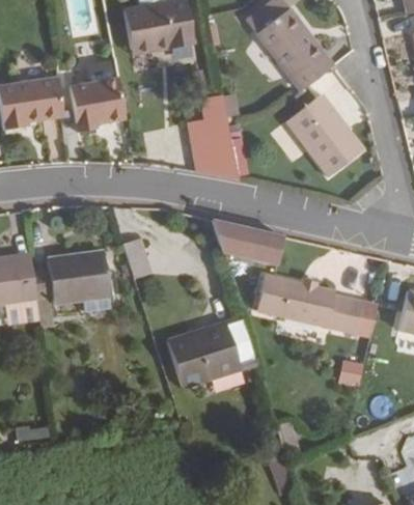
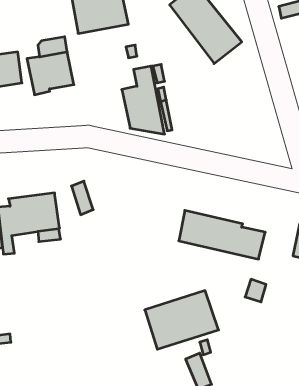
building: [286,94,365,177] -> none
building: [218,222,295,271] -> none
building: [167,316,258,389] -> [145,291,219,349]

